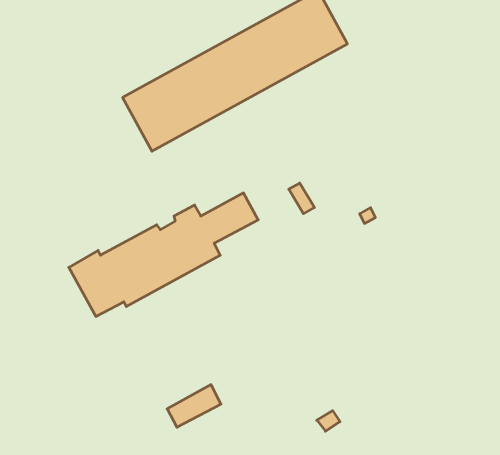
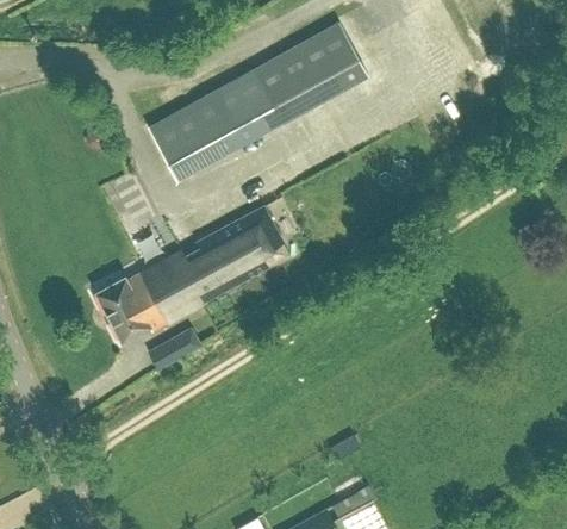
building: [167,385,221,427] -> [150,326,202,368]

